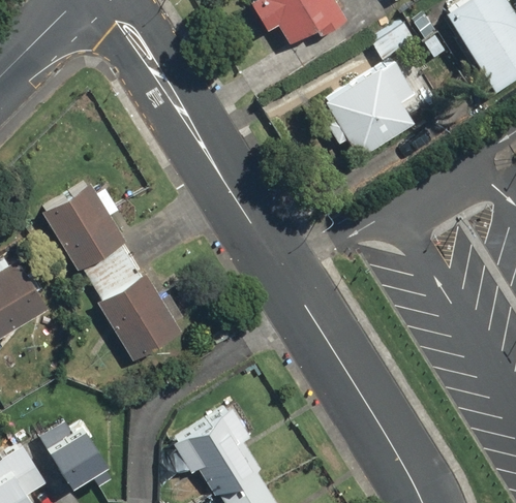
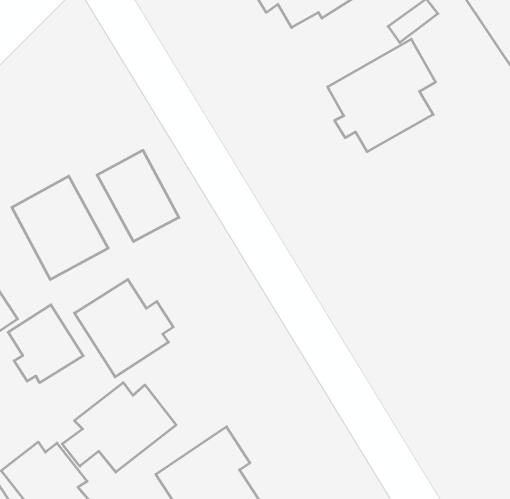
building: none -> [97,150,179,242]
building: none -> [8,305,83,383]
building: none -> [62,383,176,472]

